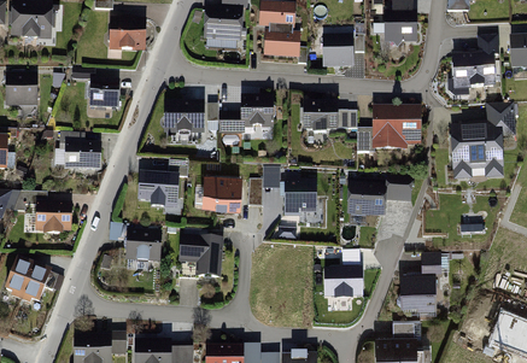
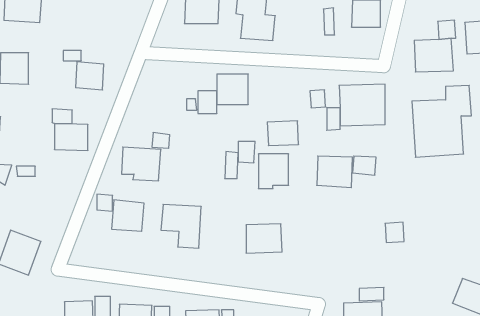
building: [110,19,144,52] -> none
building: [324,34,352,68] -> none
building: [164,103,204,134] -> none
building: [304,105,338,131] -> [267,121,299,146]
building: [204,171,244,207] -> none
building: [37,206,71,232] -> none
building: [324,267,363,298] -> [246,224,282,253]
building: [400,276,435,309] -> none

